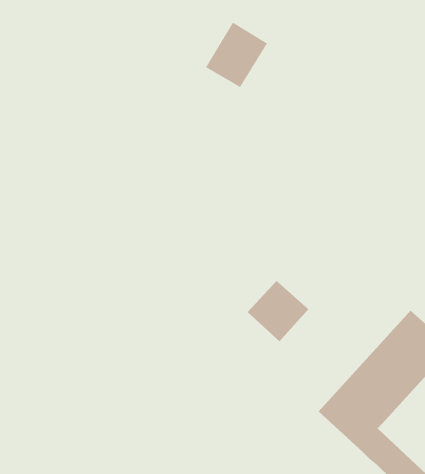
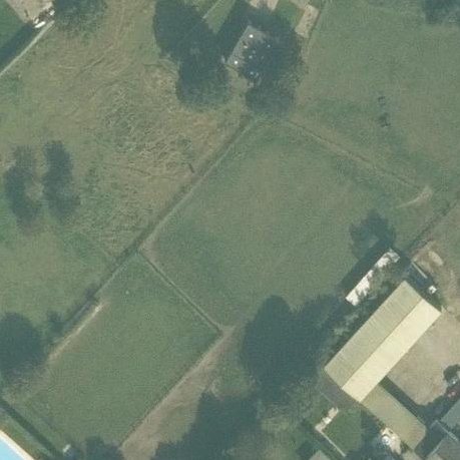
building: [247,280,309,342] -> none

